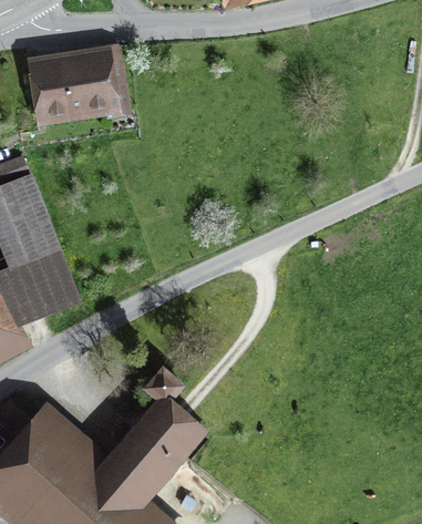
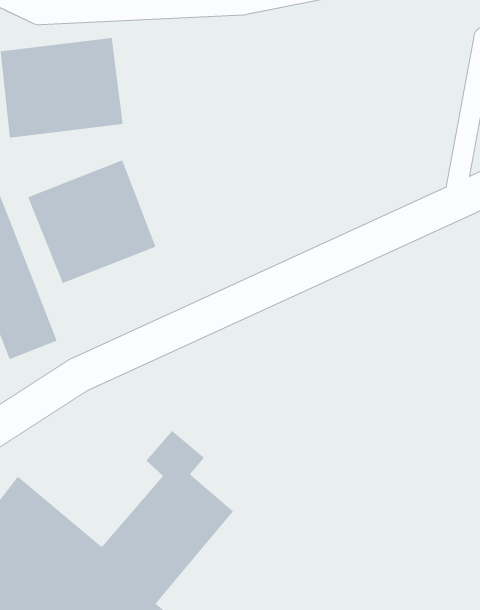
building: none -> [28,160,156,284]

